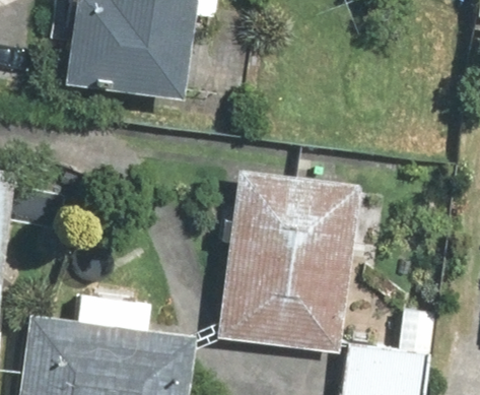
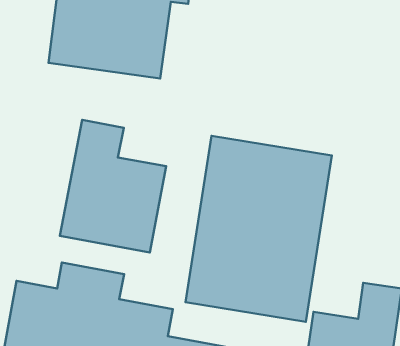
building: none -> [60,120,166,253]

